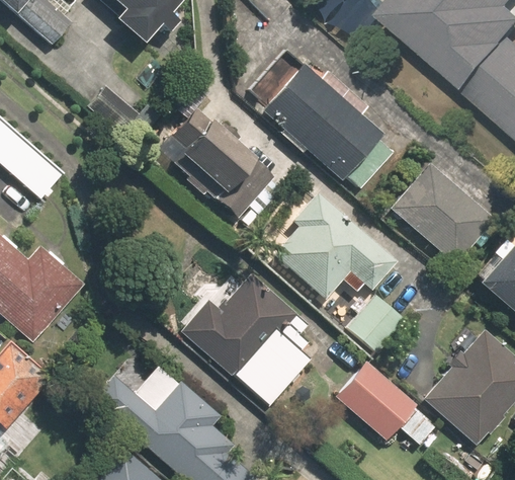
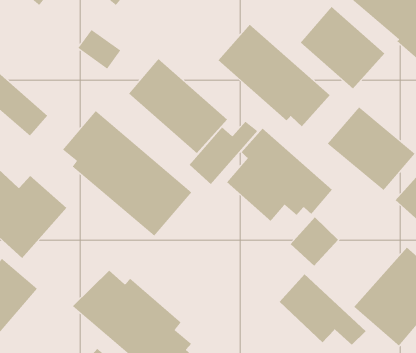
building: none -> [300,6,385,90]
building: none -> [62,110,192,237]
building: none -> [189,121,258,185]
building: [179,271,310,407] -> none

